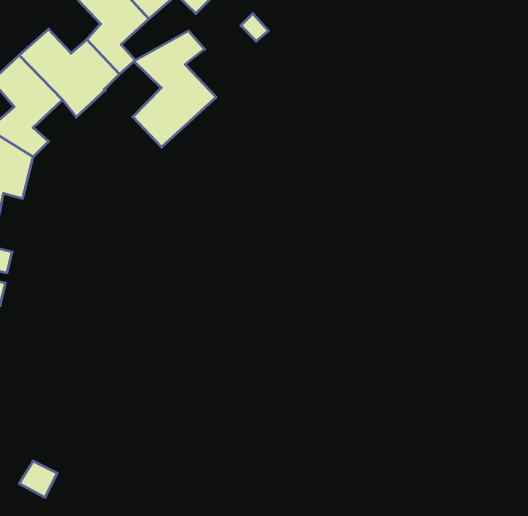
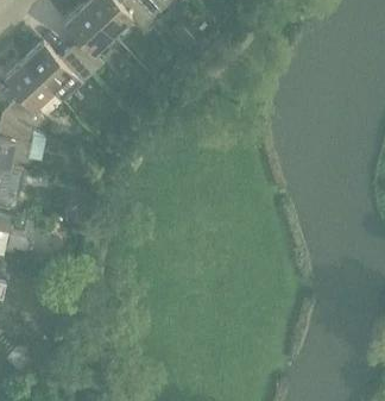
building: [133,31,216,147] -> none

